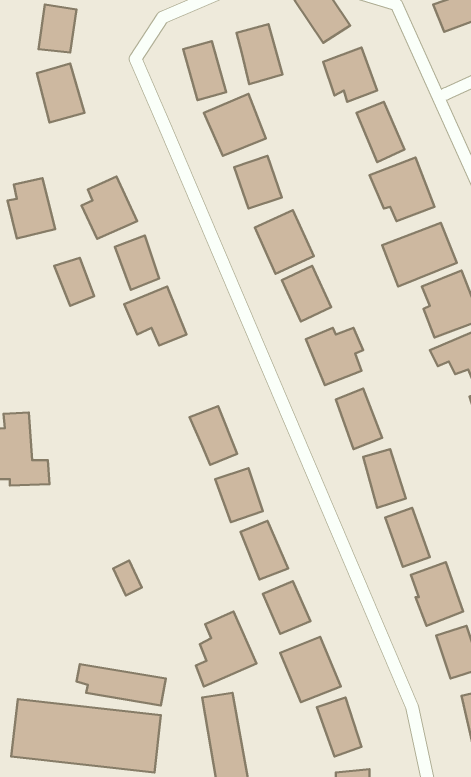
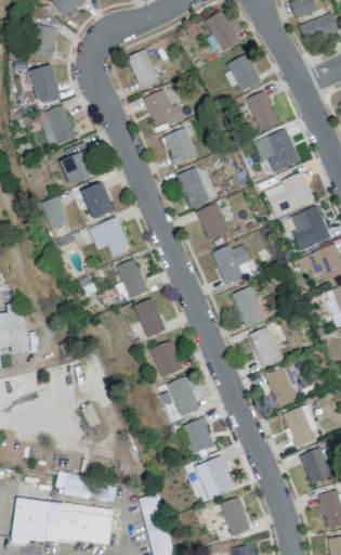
building: [237,24,283,84] -> none
building: [7,178,55,239] -> [42,105,75,146]
building: none -> [117,259,147,299]
building: [196,611,256,686] -> none

